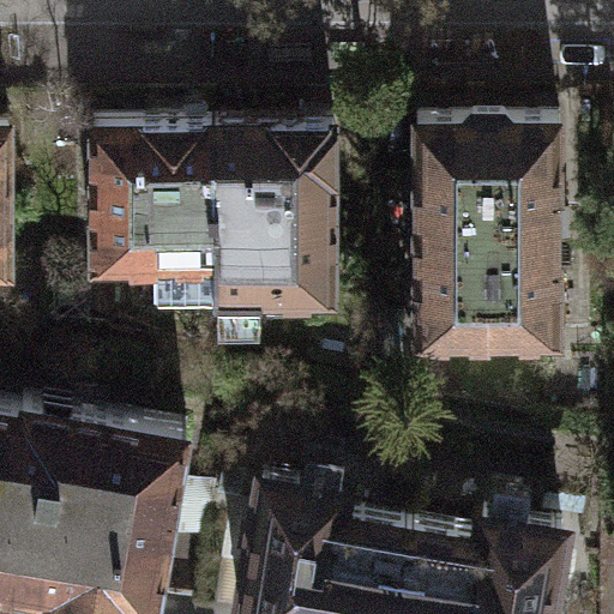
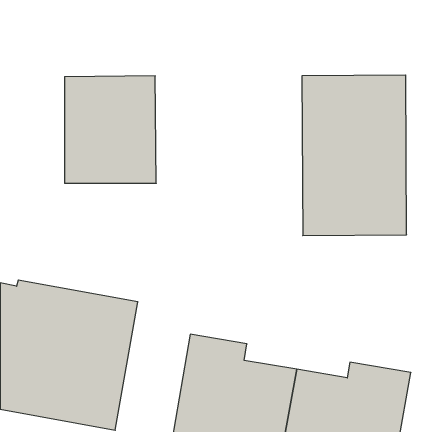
building: [215,124,333,303] -> none

